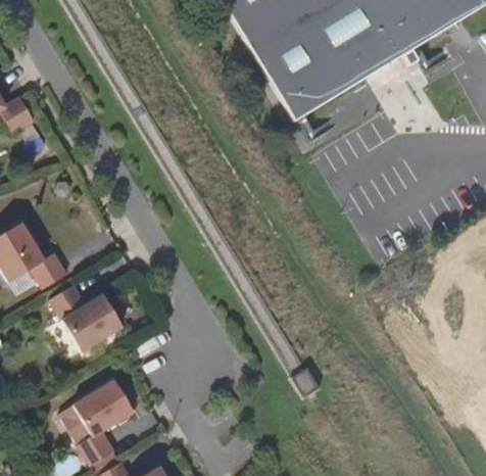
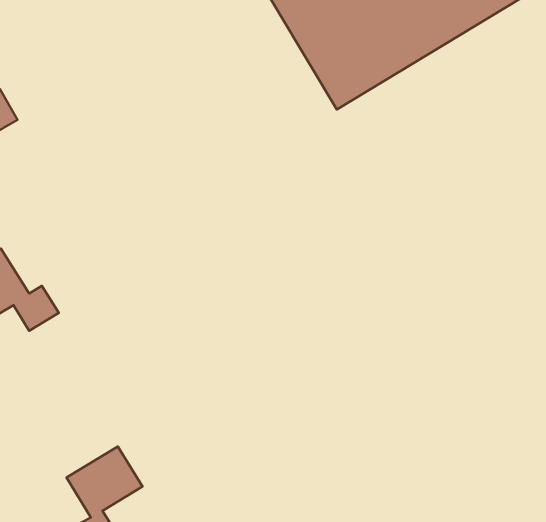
building: [50,286,123,352] -> none

